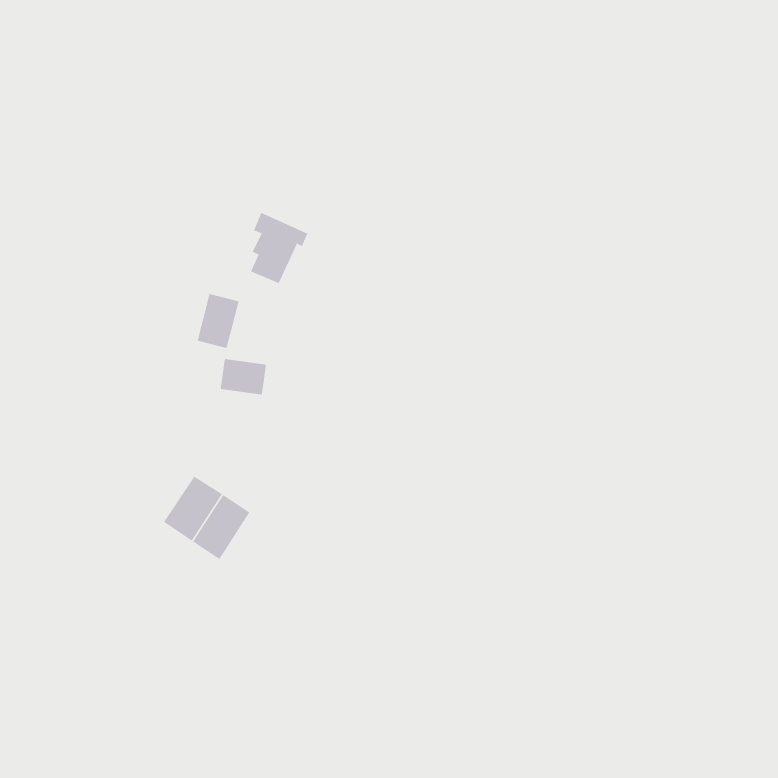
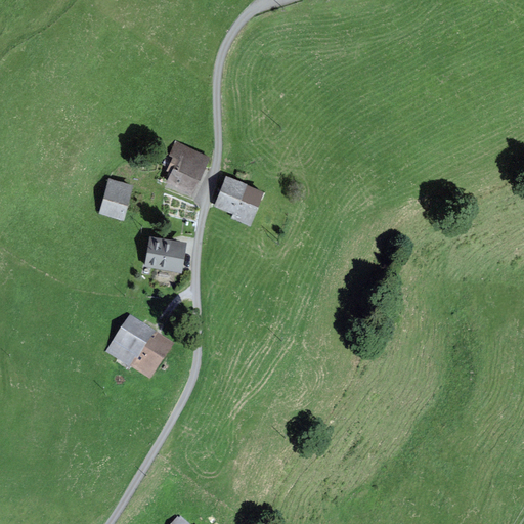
building: none -> [219,169,258,222]
building: [197,293,239,348] -> [99,180,128,217]

